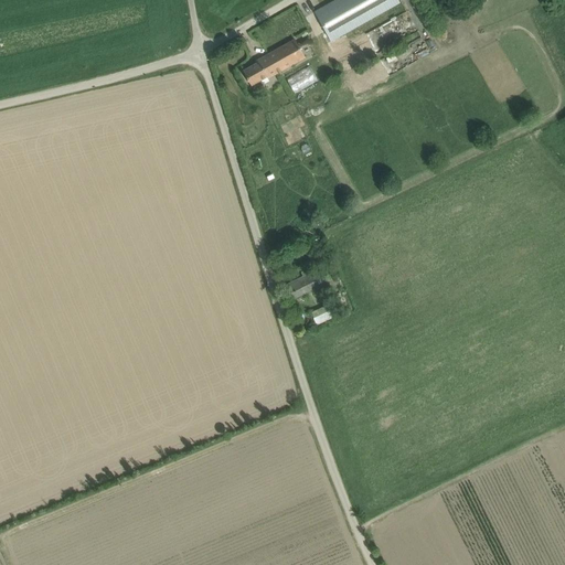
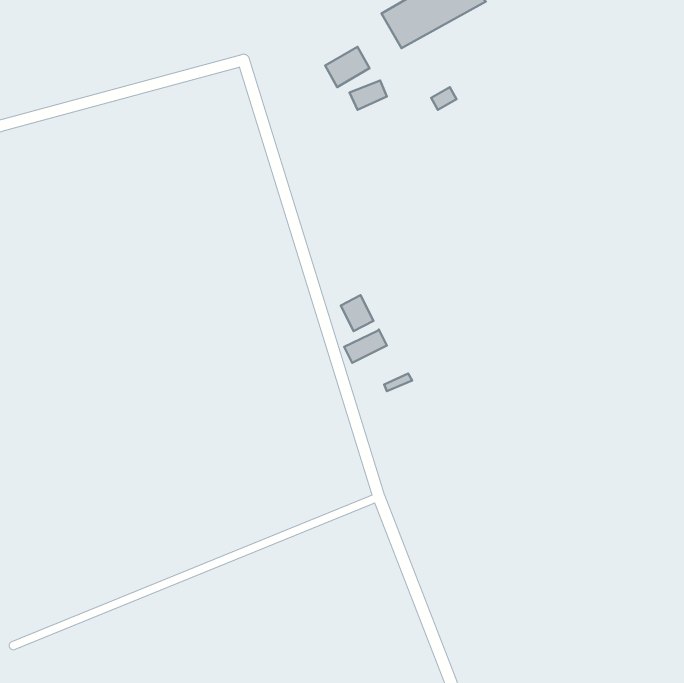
building: [244,54,278,84] -> none
building: none -> [341,295,374,331]

